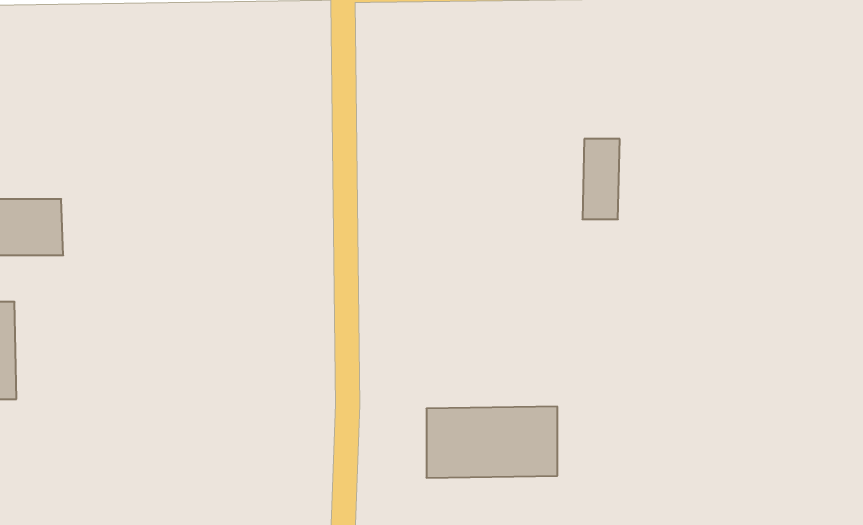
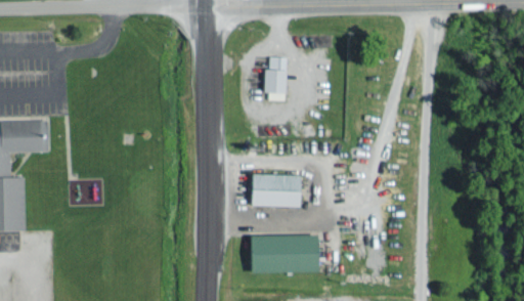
building: [582,139,620,219] -> [265,55,286,99]
building: none -> [249,173,302,206]

